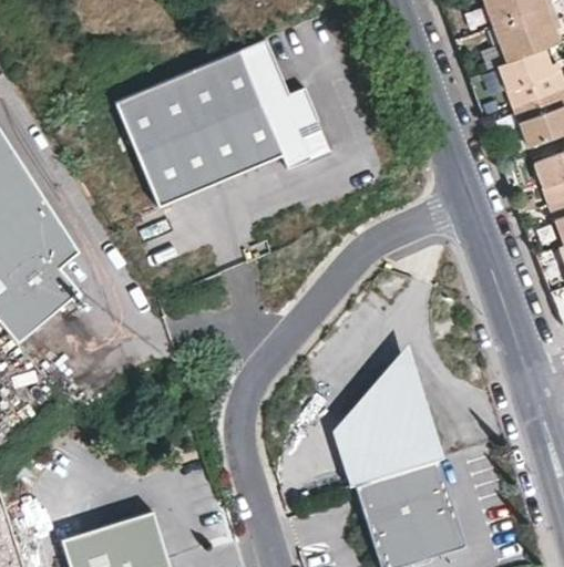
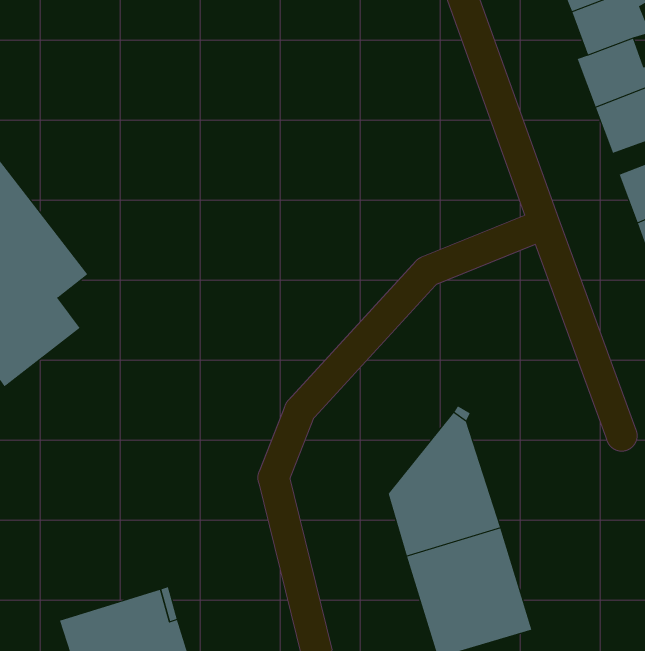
building: [114,39,329,205] -> none

